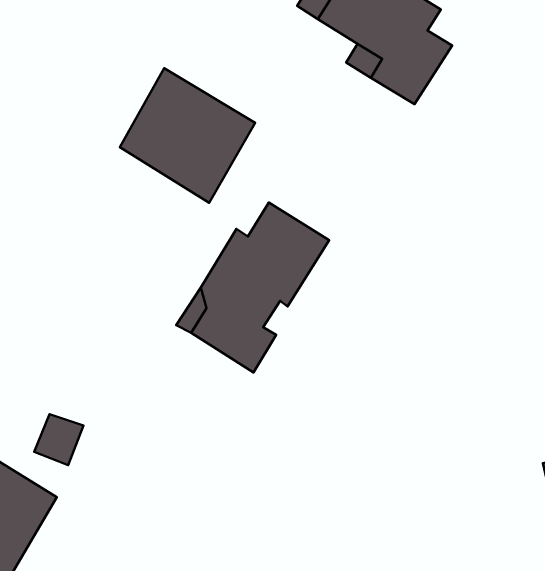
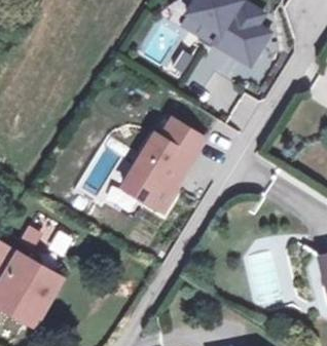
building: [120,68,255,203] -> none

